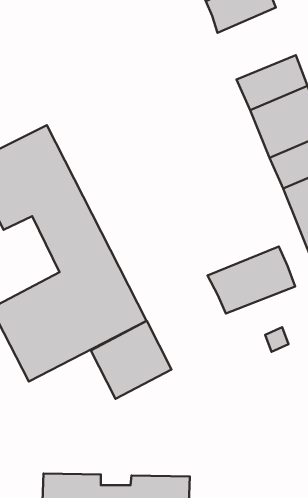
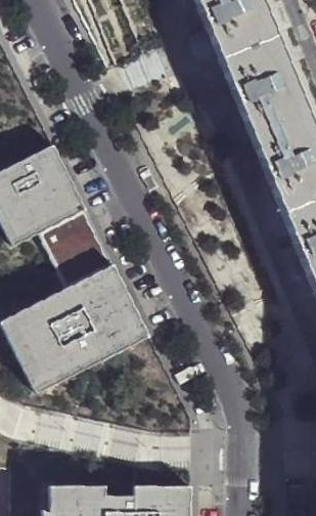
building: none -> [219,33,295,102]
building: [208,247,295,314] -> none
building: [91,321,172,399] -> none

